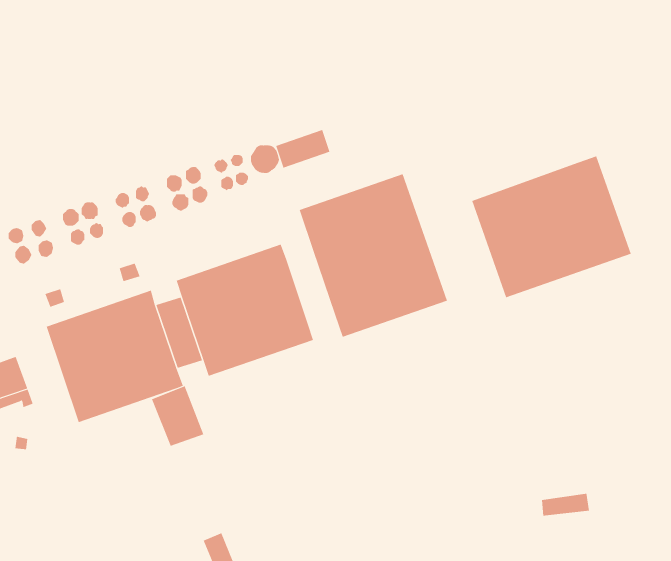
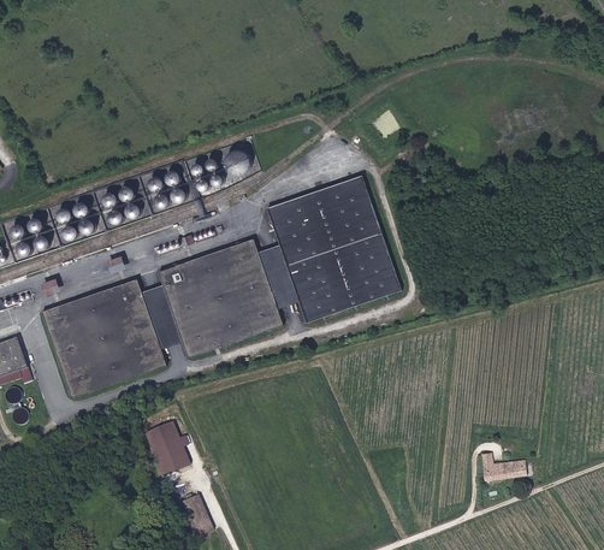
building: [276,129,330,168] -> none
building: [472,156,632,298] -> none
building: none -> [257,243,300,308]
building: [151,386,204,447] -> [144,420,191,474]

